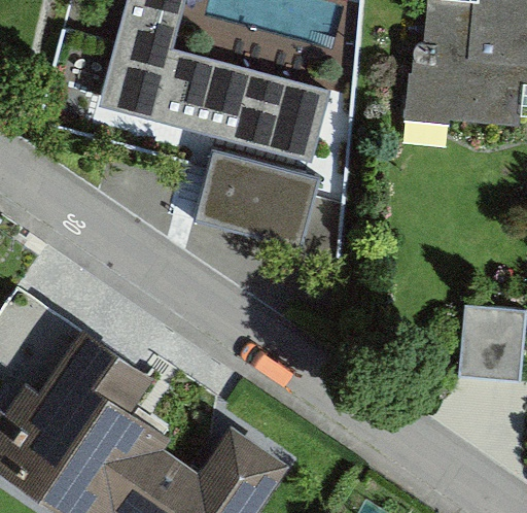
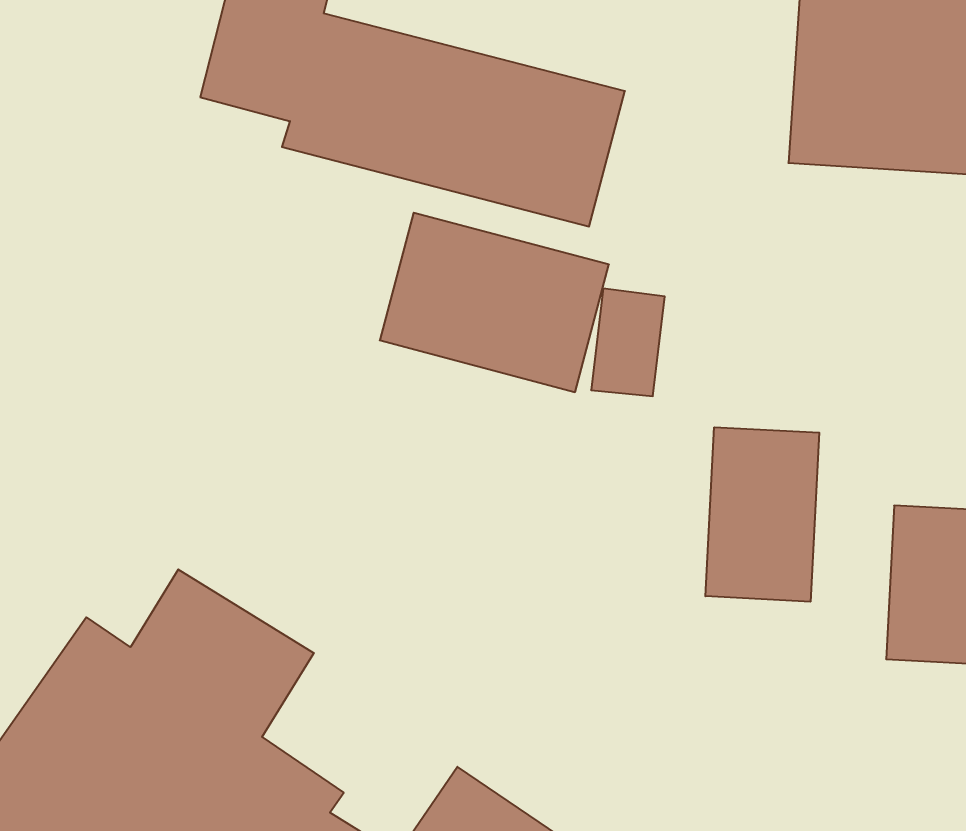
building: none -> [705,427,819,602]

